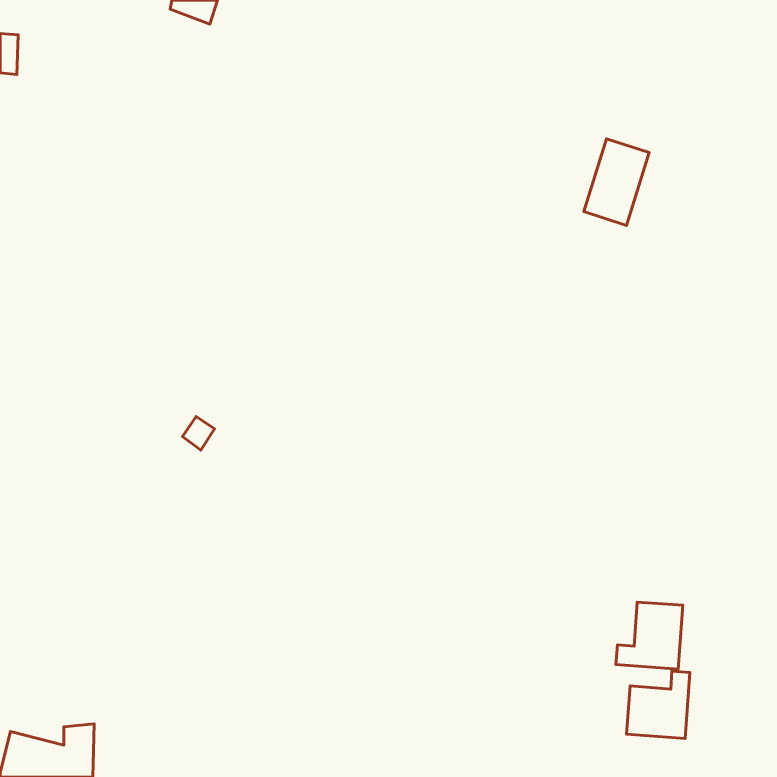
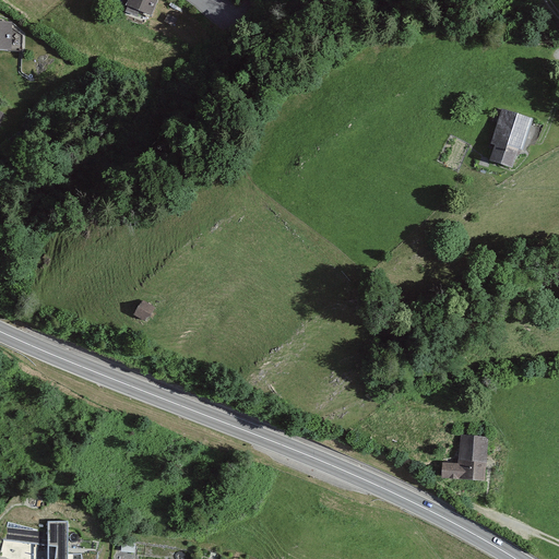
building: [584,139,649,225] -> [484,111,531,174]
building: [626,671,690,739] -> none

